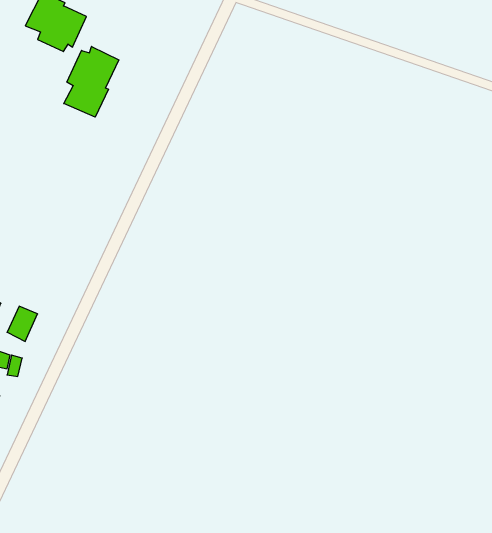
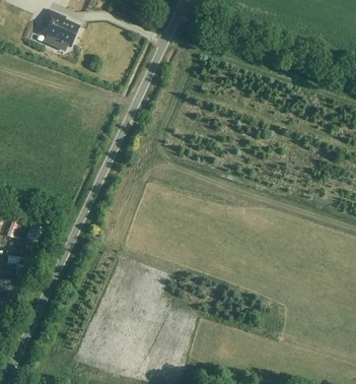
building: [64,46,119,117] -> none

